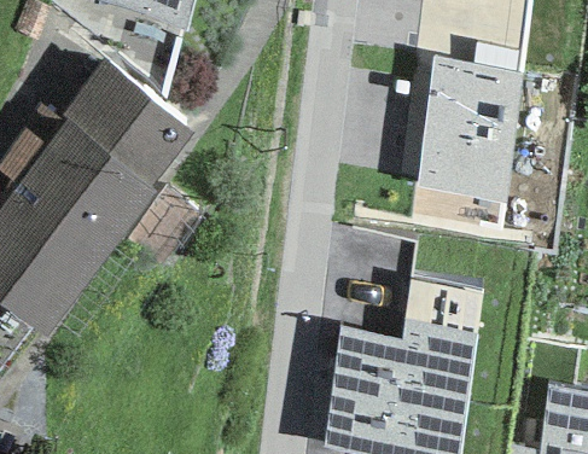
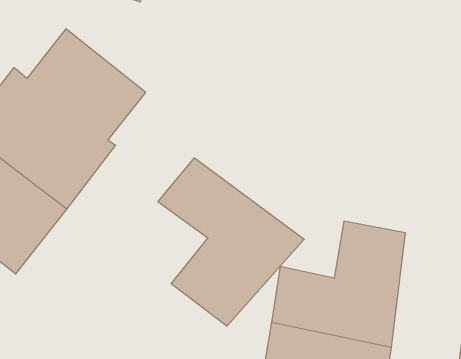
building: [417,57,522,203] -> none
building: none -> [158,158,304,326]

